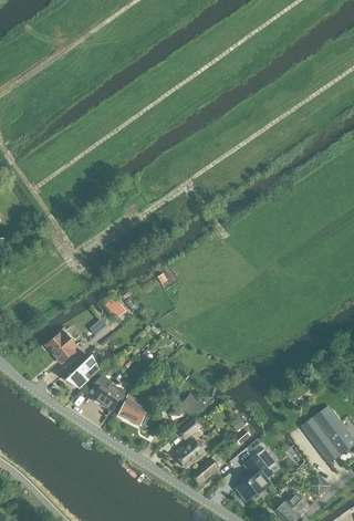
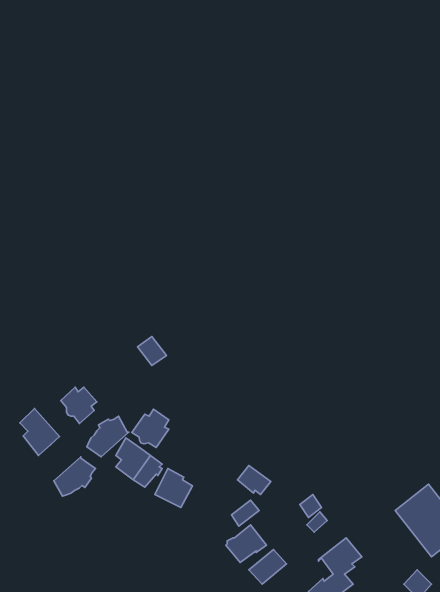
building: none -> [20,409,60,455]
building: none -> [132,409,169,448]
building: none -> [54,457,95,496]

